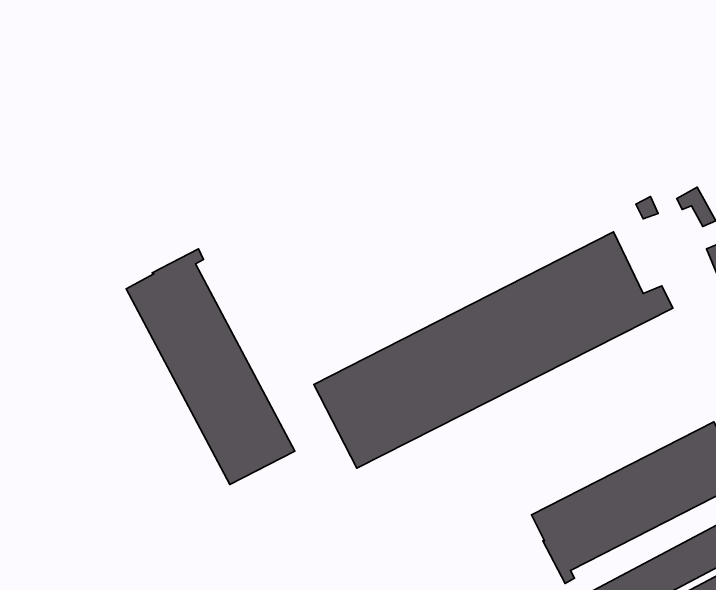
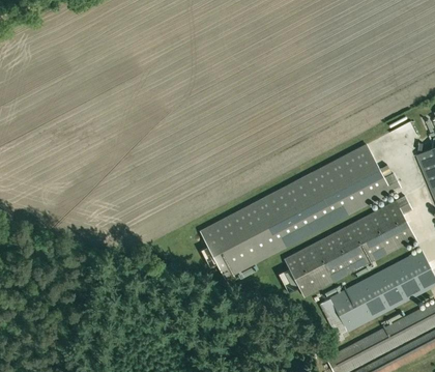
building: [126,249,295,484] -> none
building: none -> [284,196,414,296]

